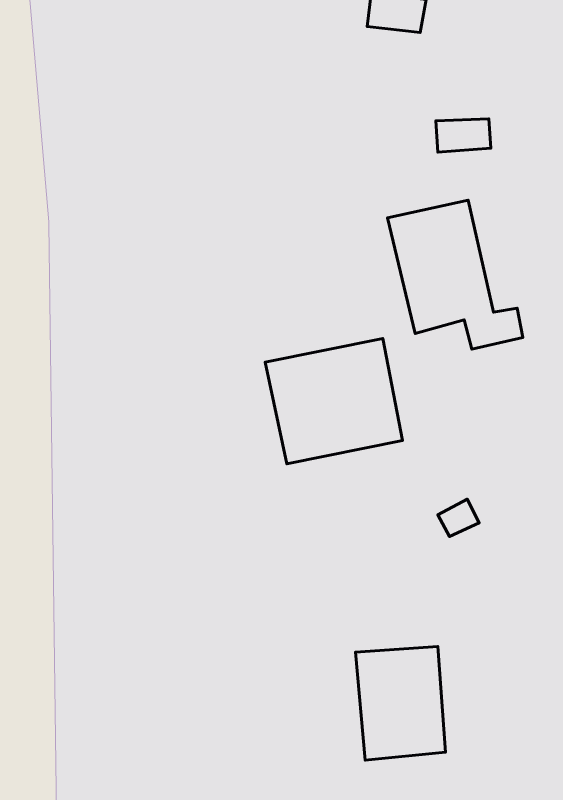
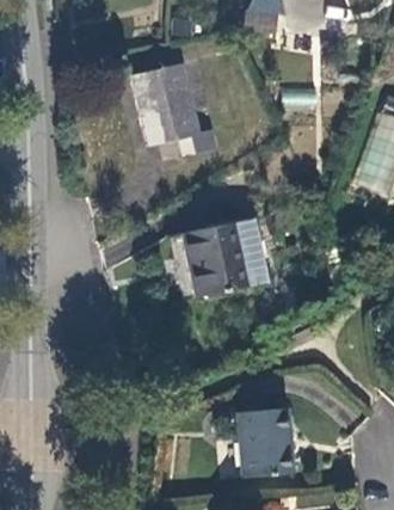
building: [388,200,523,349] -> [135,64,217,155]

